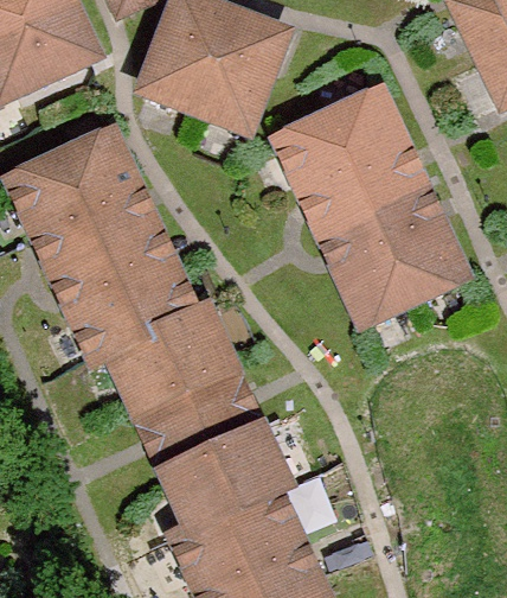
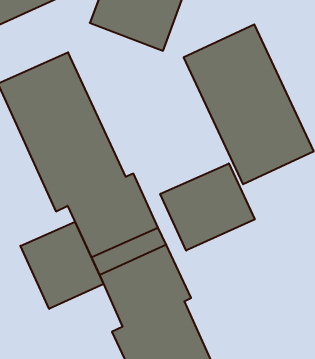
building: none -> [160,163,255,251]
building: none -> [20,222,104,309]

